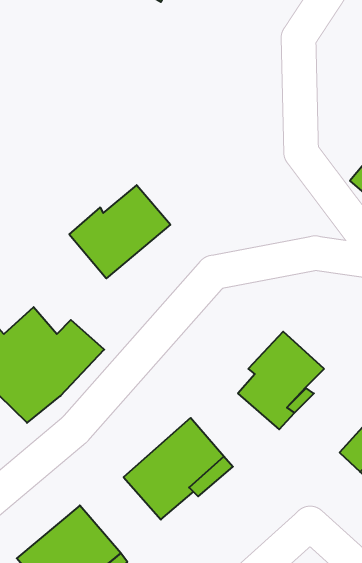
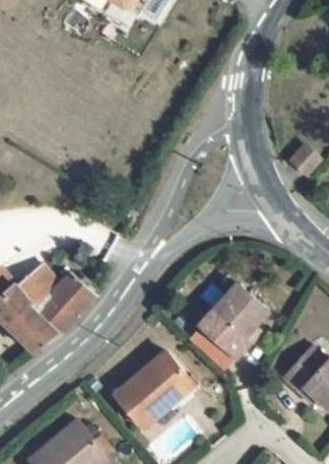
building: [69,185,170,278] -> none

